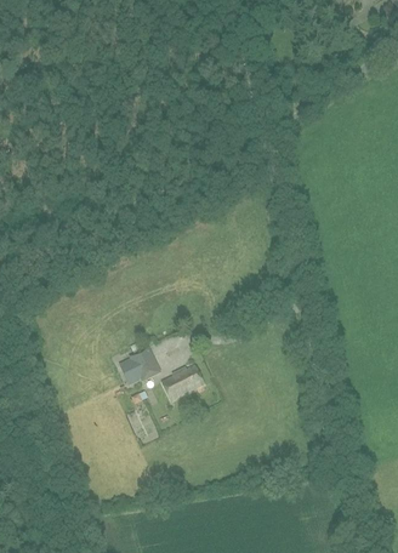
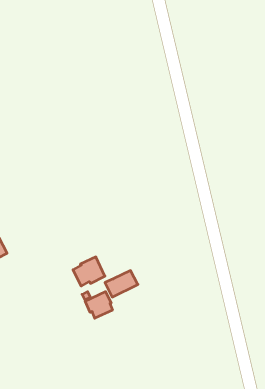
building: none -> [85,292,112,318]

